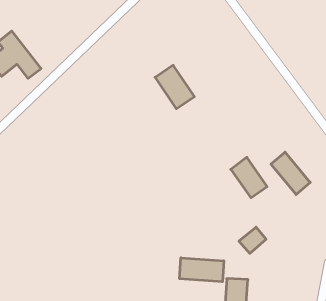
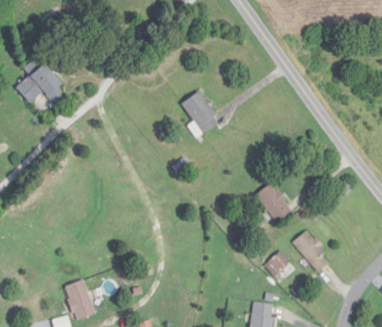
building: [271,152,310,195] -> [293,230,332,272]
building: none -> [64,280,95,319]
building: [180,258,224,282] -> none

